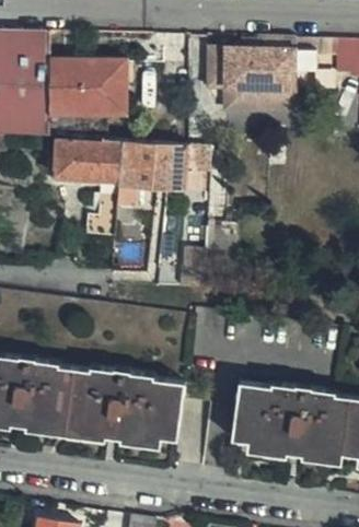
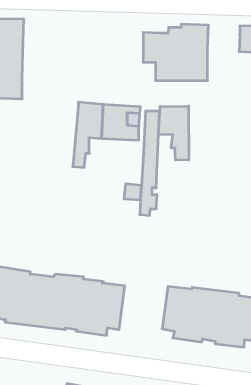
building: [292,38,335,71] -> none
building: [47,59,126,117] -> none
building: [51,140,121,237] -> none
building: none -> [159,106,189,160]

